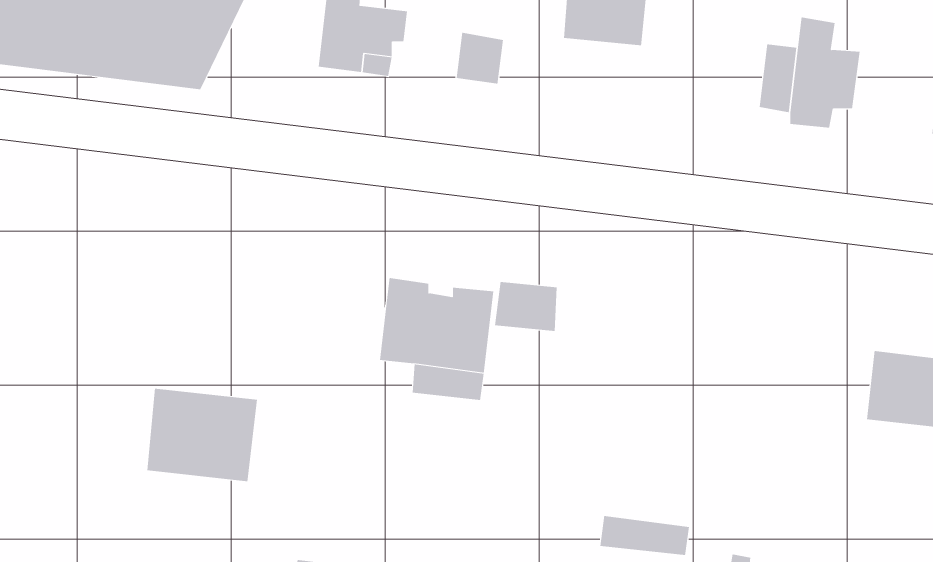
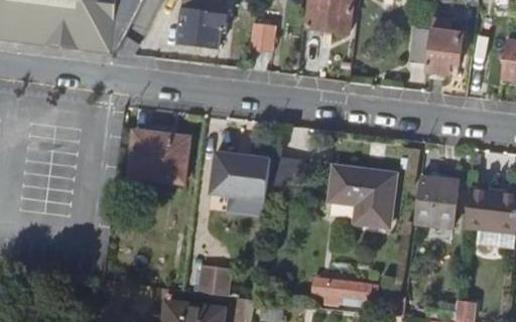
building: none -> [330,166,395,226]
building: none -> [415,177,460,226]
building: [146,388,258,482] -> [130,134,188,183]
building: none -> [200,264,233,295]

